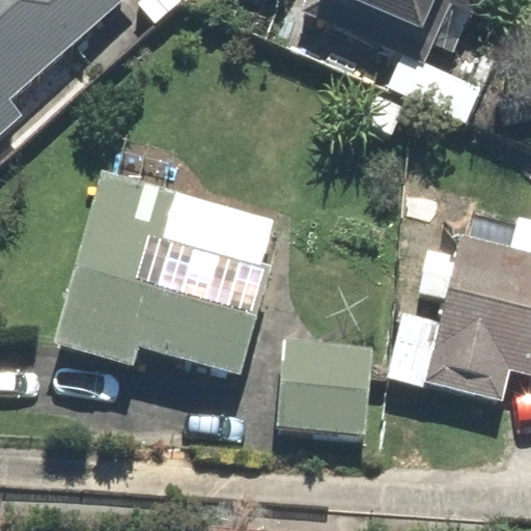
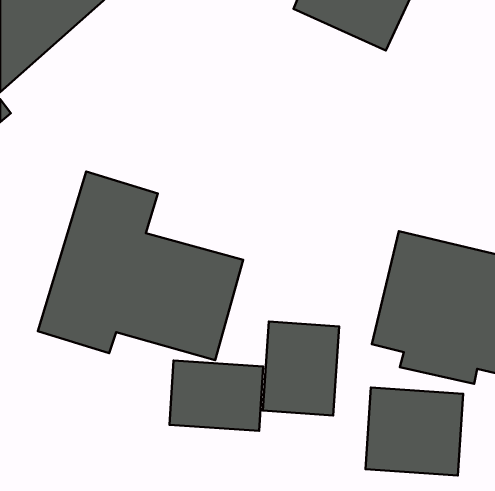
building: none -> [169,360,263,431]
building: none -> [366,388,463,475]

